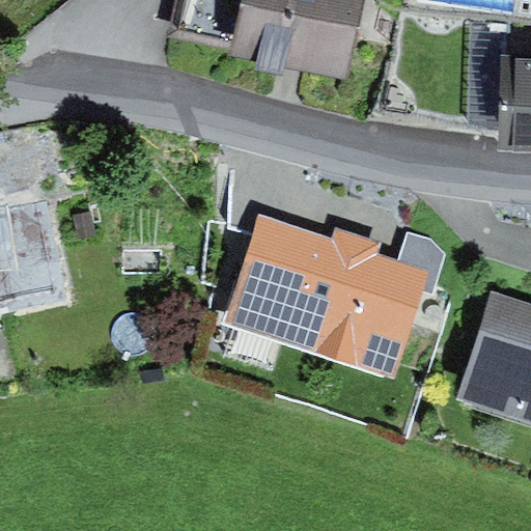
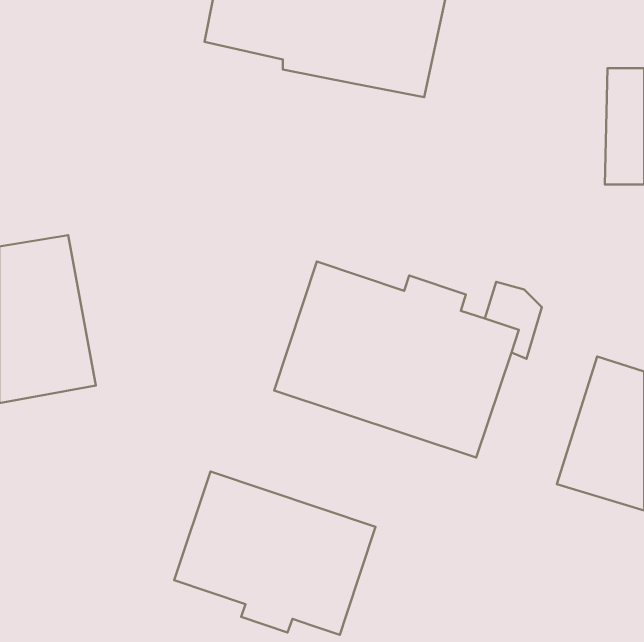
building: none -> [174,471,375,635]

